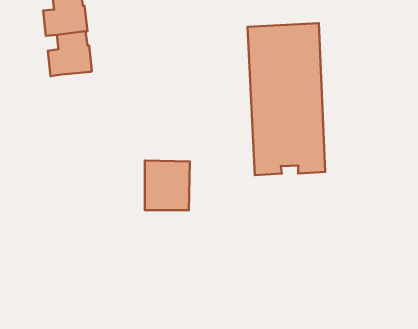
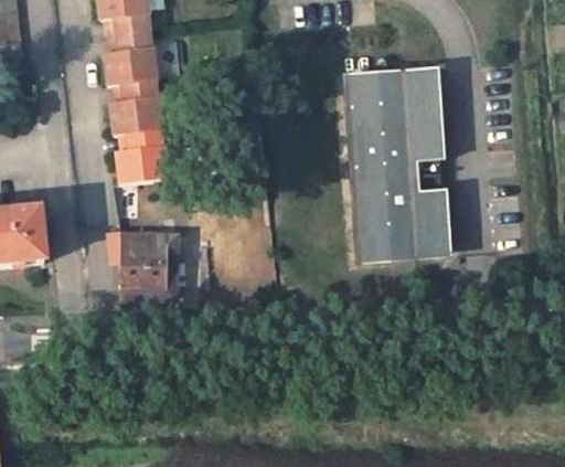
building: none -> [113,127,167,181]
building: [145,161,190,210] -> [120,237,175,298]

